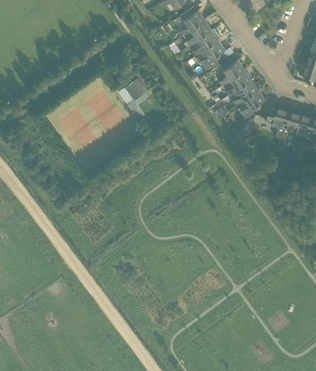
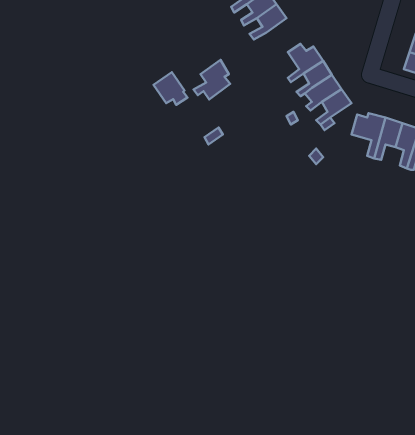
building: [200,40,226,68] -> [193,60,230,100]

